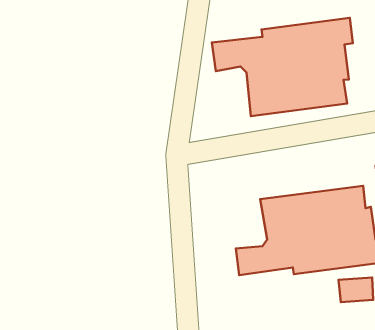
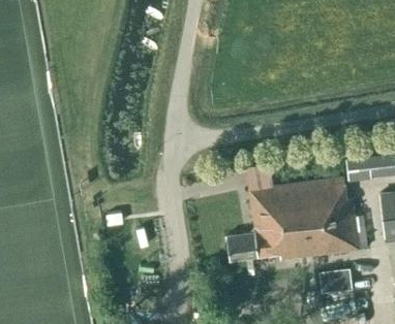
building: [212,18,353,116] -> none

